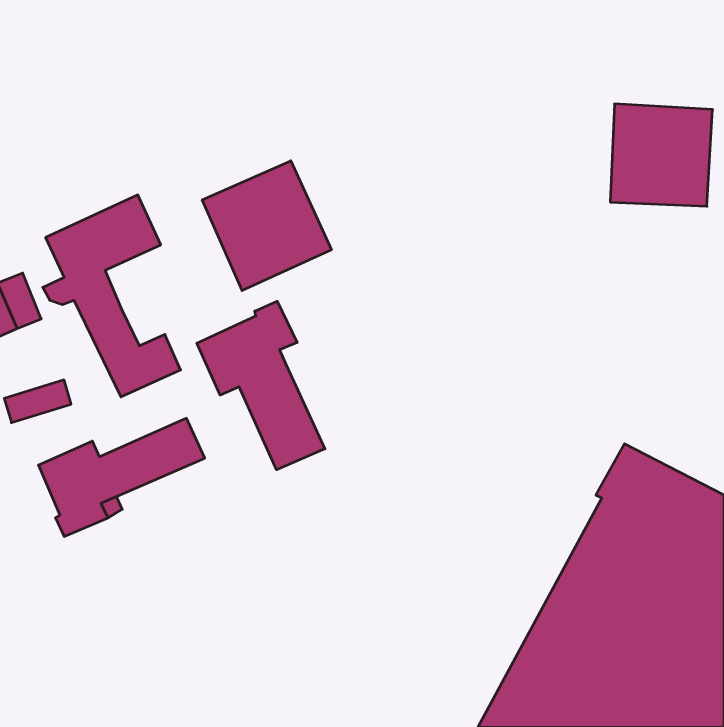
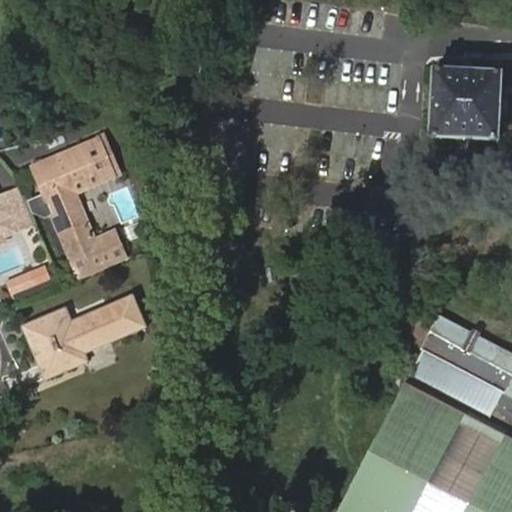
building: [202,161,331,291] -> none
building: [197,301,325,470] -> none

